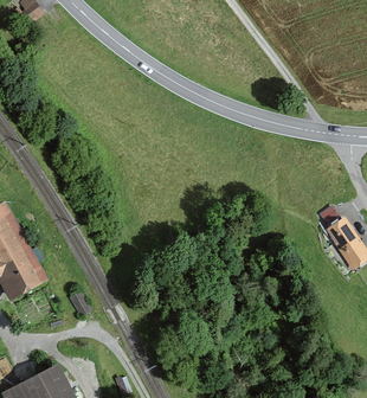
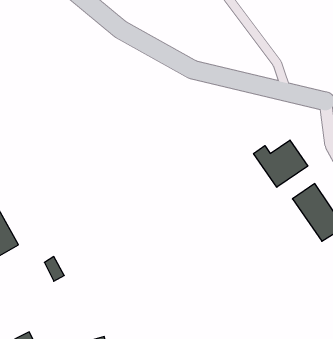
building: none -> [254,140,308,187]

